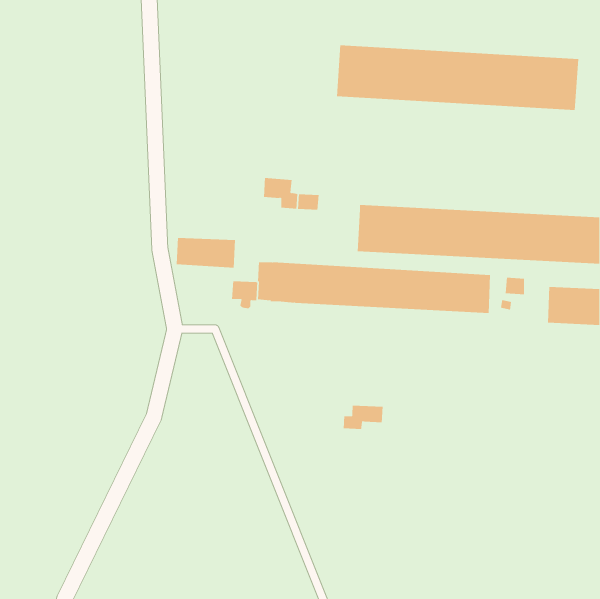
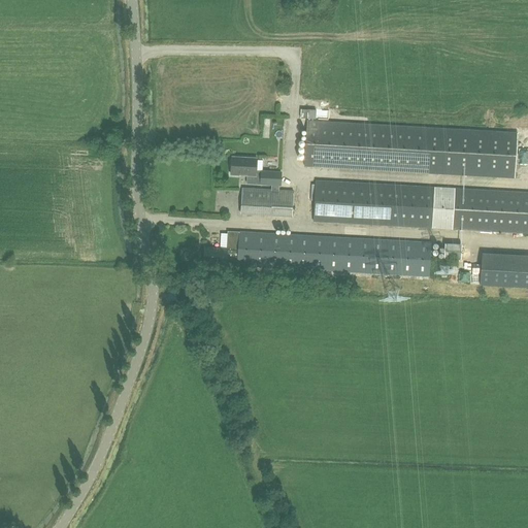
building: [336,45,579,111] -> [304,120,518,177]
building: [176,238,236,268] -> [240,188,293,214]
building: [343,405,383,430] -> none

